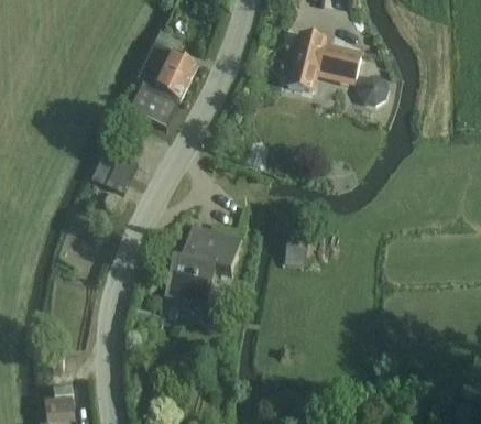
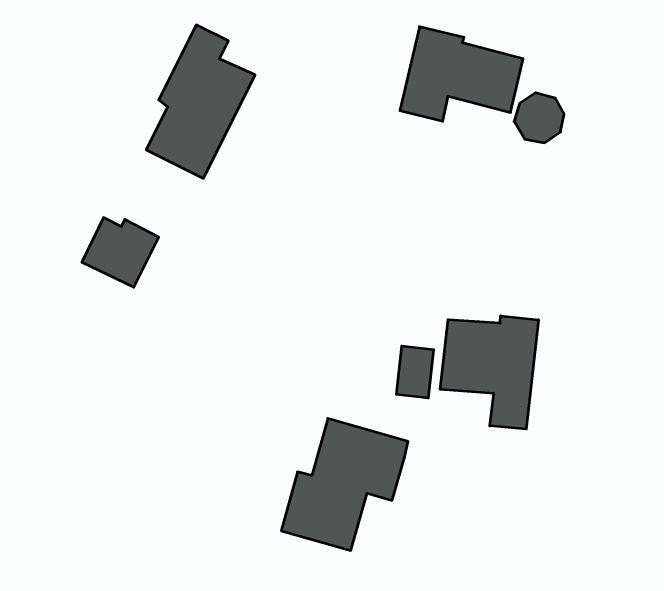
building: none -> [440,316,538,429]
building: [163,224,241,305] -> [281,418,408,550]

